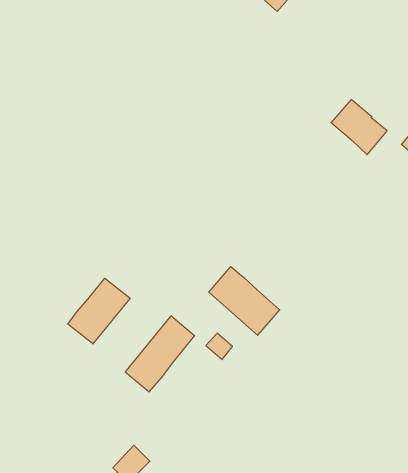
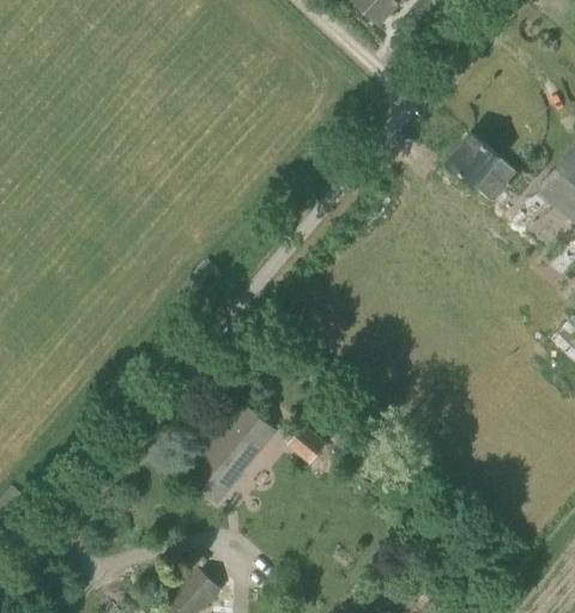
building: [209,267,280,335] -> none
building: [68,278,130,344] -> none

